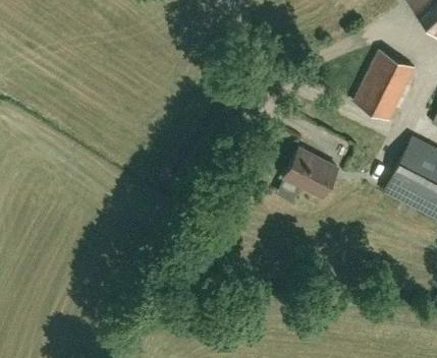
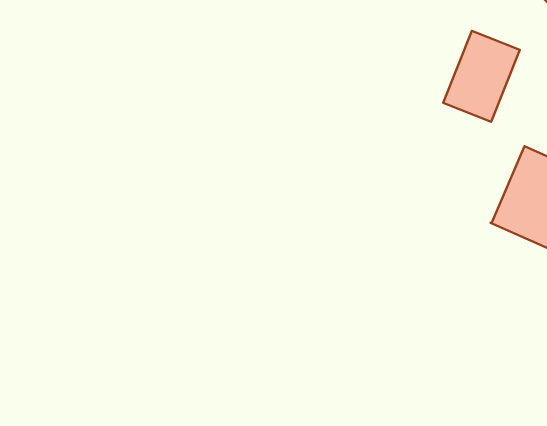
building: [282,150,338,198] -> none

